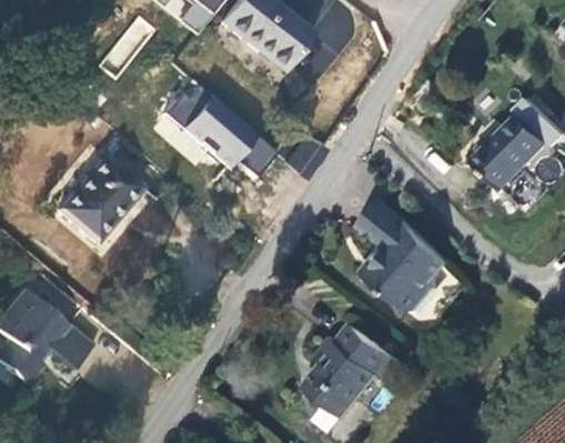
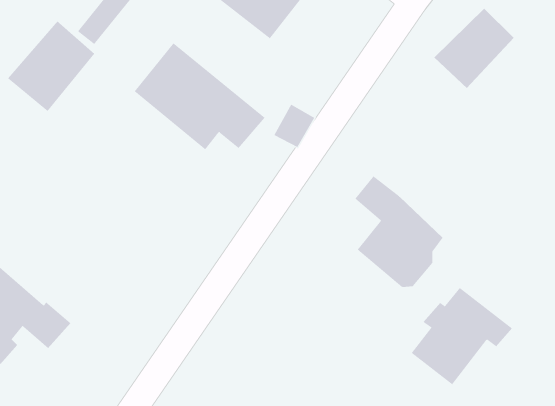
building: [474,112,552,190] -> [433,8,514,89]
building: [57,153,141,241] -> [7,20,95,112]
building: [305,323,403,417] -> [411,287,513,385]

